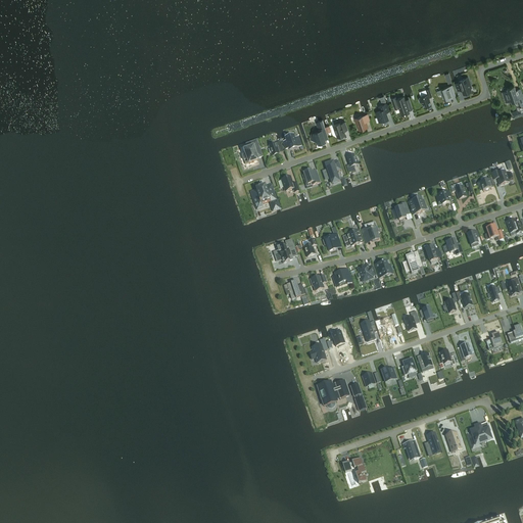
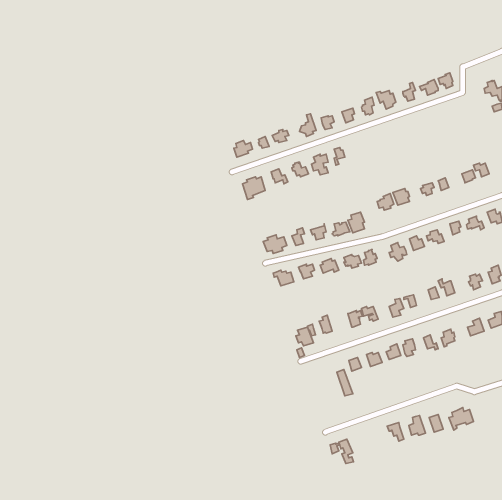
building: [318,380,349,407] -> none

